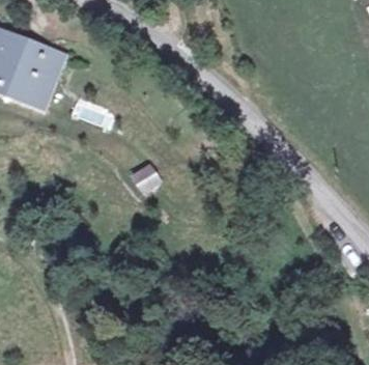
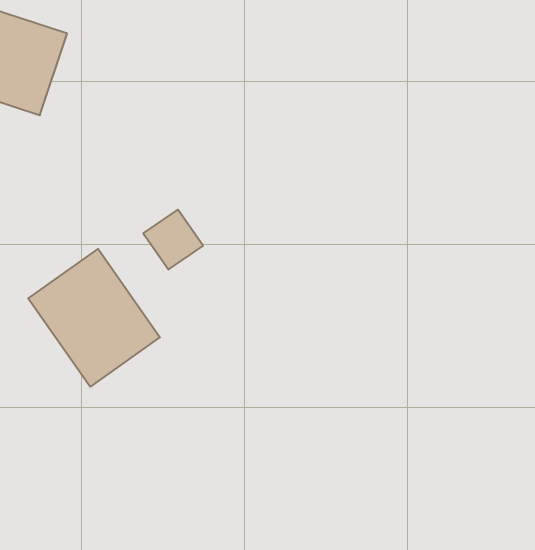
building: none -> [28,249,160,387]

